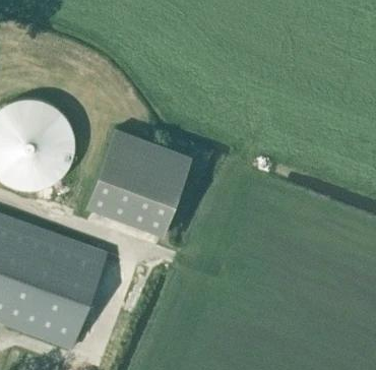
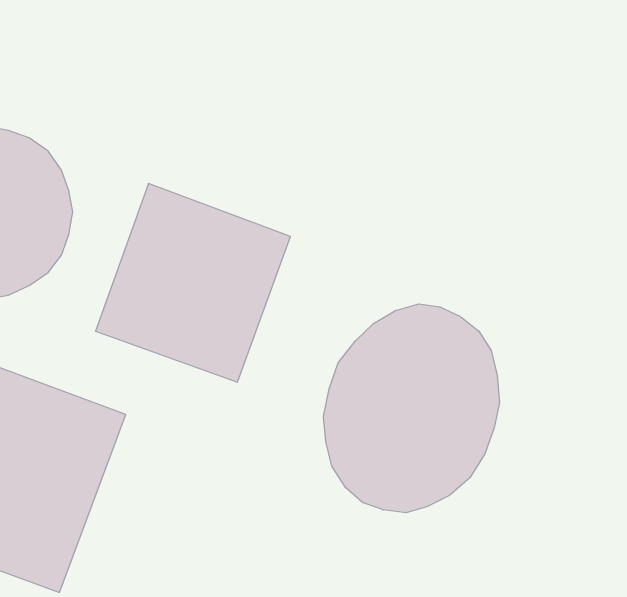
building: none -> [323,304,499,513]

